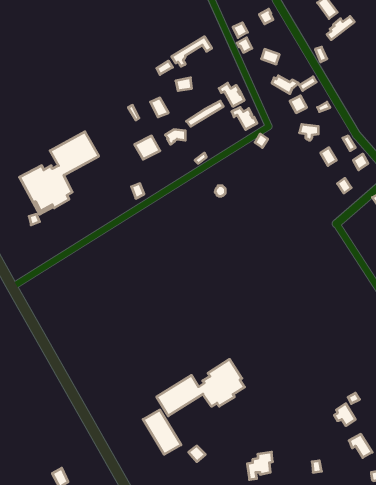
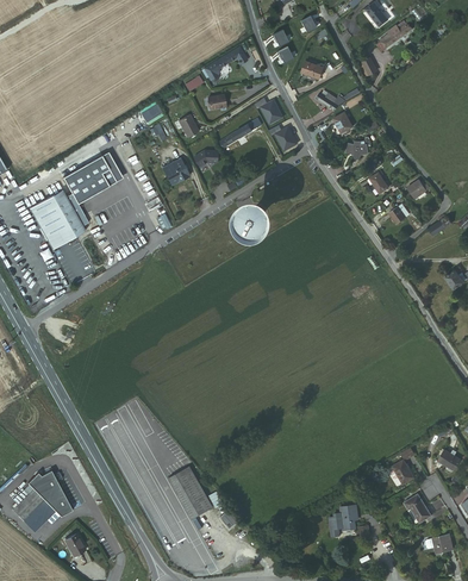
building: [157,359,245,416] -> none
building: none -> [14,468,74,530]
building: [247,452,273,480] -> [331,502,360,533]

